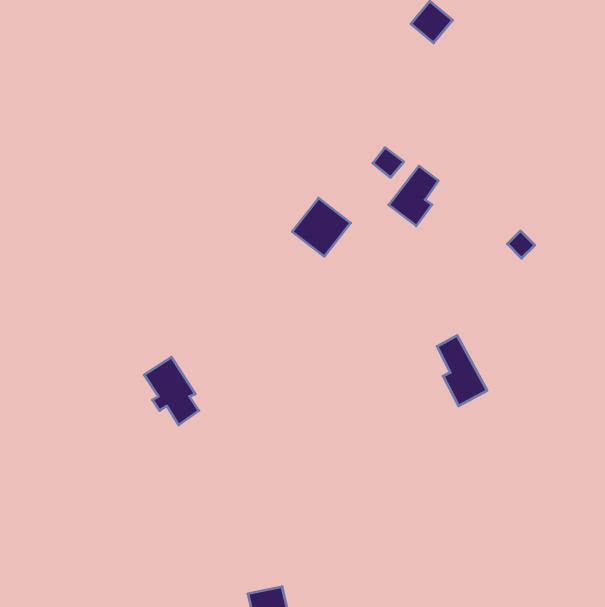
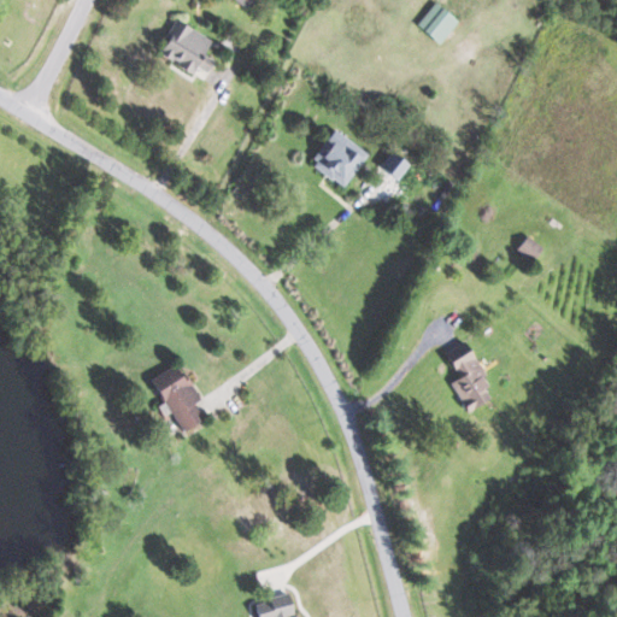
building: none -> [159,20,218,81]
building: [389,166,438,226] -> none
building: [292,198,351,256] -> [311,129,370,188]

